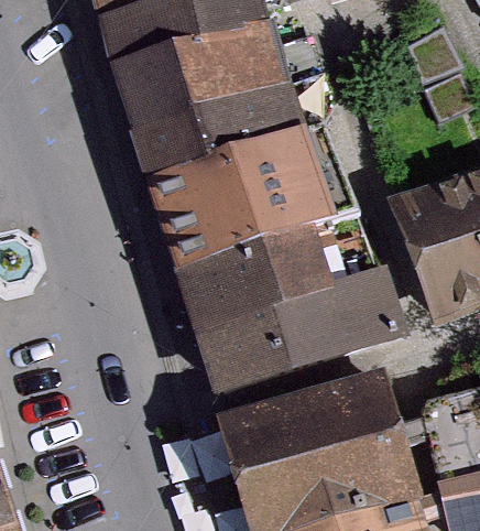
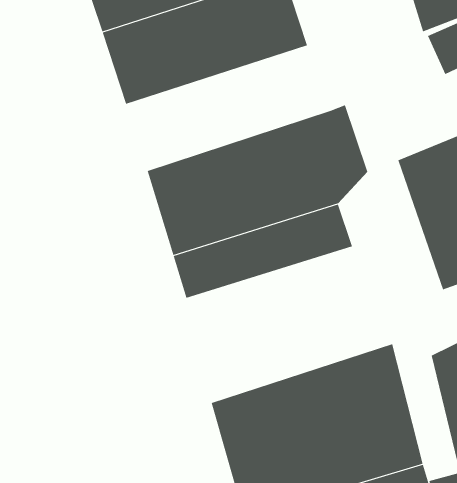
building: [140,95,330,212] -> none
building: [196,274,394,392] -> none

